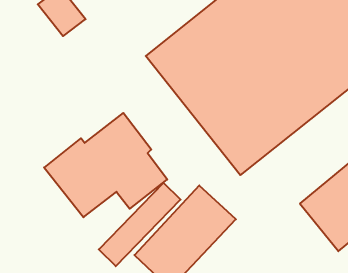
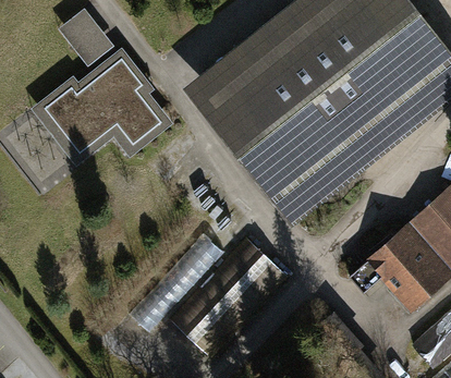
building: [44,113,167,217] -> [29,47,172,168]

